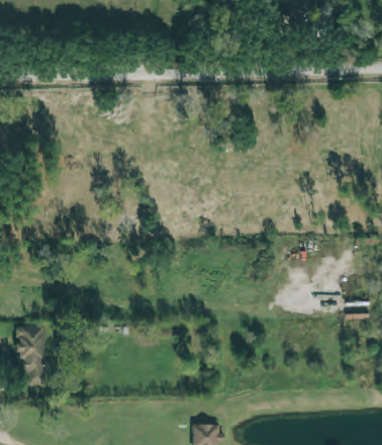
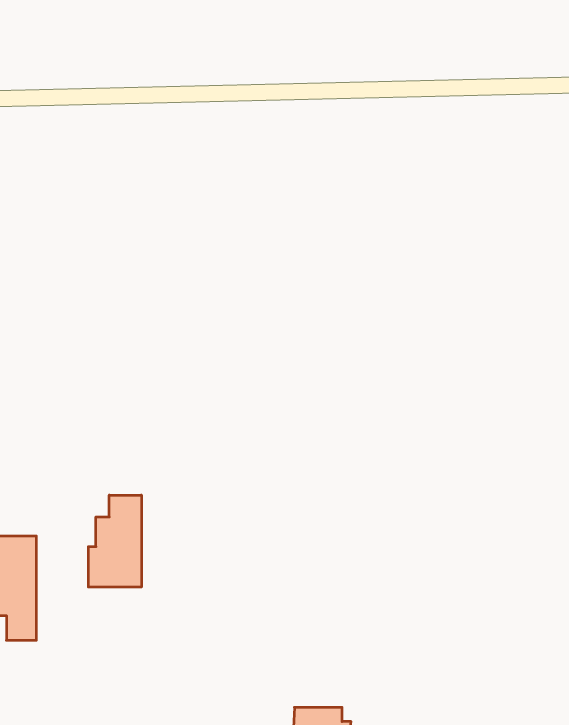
building: none -> [88,495,141,587]

